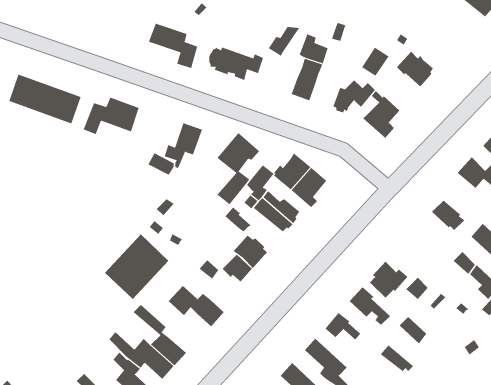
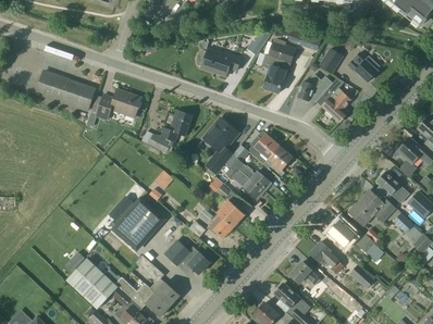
building: [148,23,198,69] -> none
building: none -> [348,189,393,225]
building: none -> [66,259,125,309]

